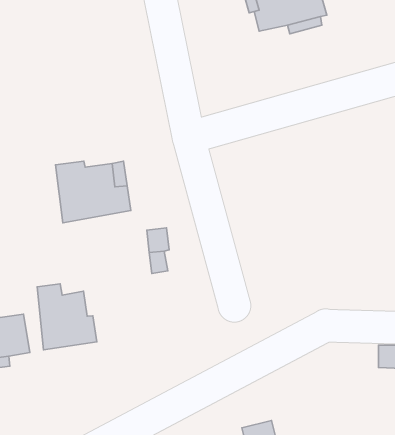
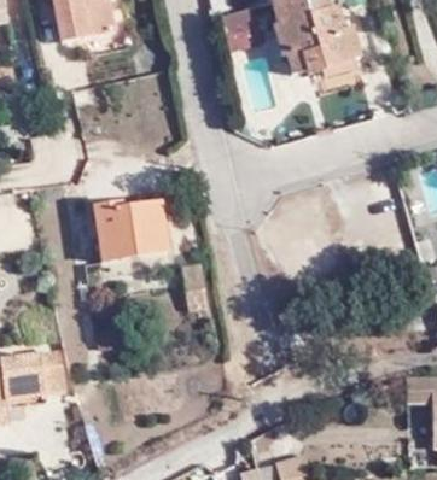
building: [37,284,97,350] -> none

